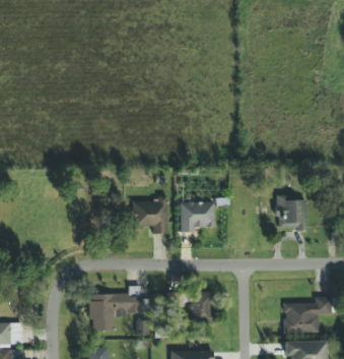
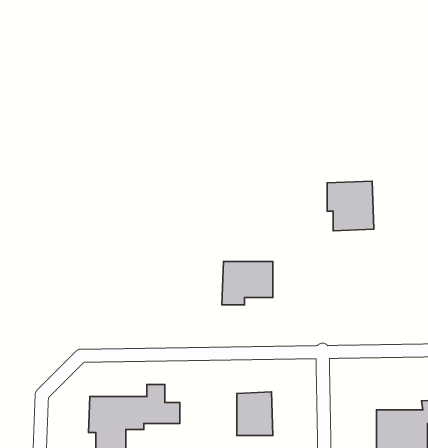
building: [134,195,168,234] -> none
building: [275,196,306,230] -> [327,181,374,231]

